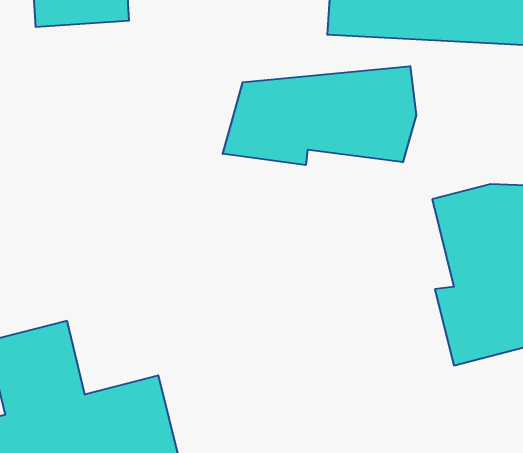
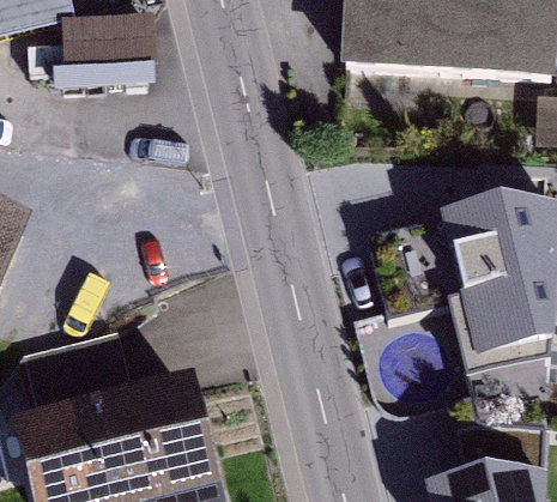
building: [223,66,416,165] -> none

